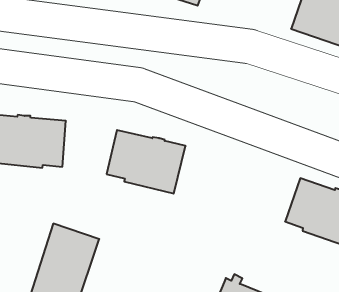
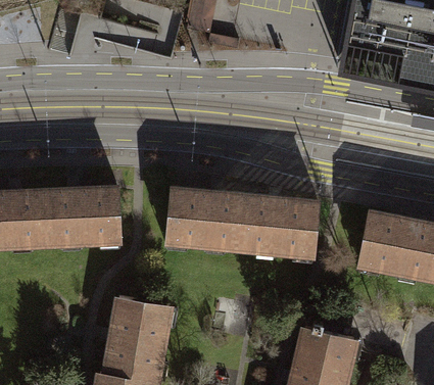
building: none -> [241,199,320,255]

